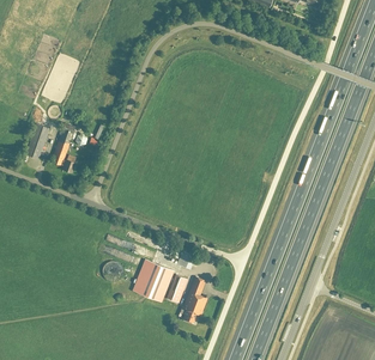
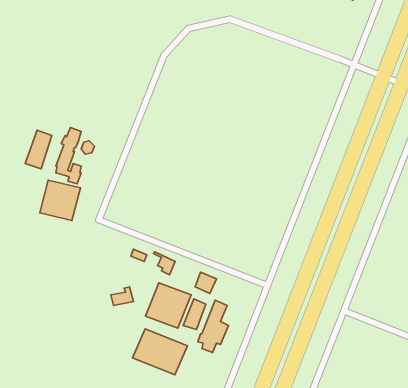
building: none -> [40,180,80,220]
building: none -> [133,329,188,375]

